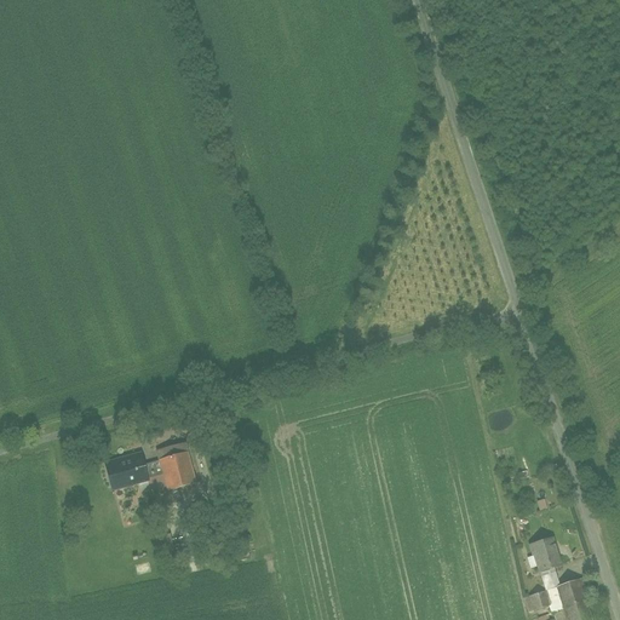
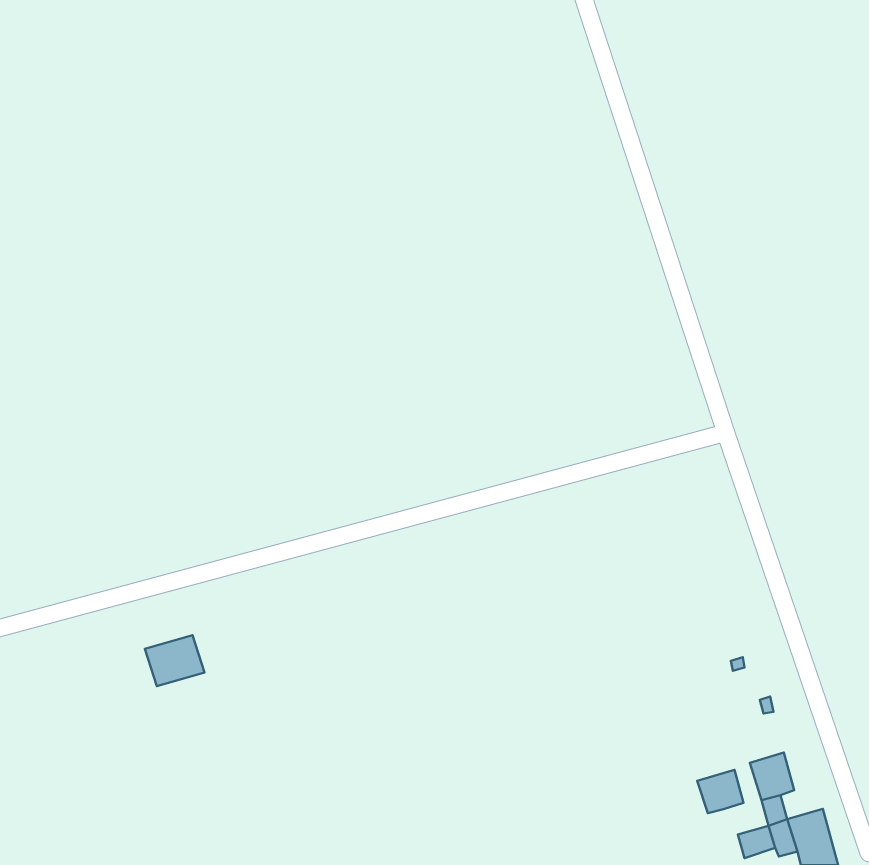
building: [155,450,194,492] -> none
building: none -> [697,770,744,813]

